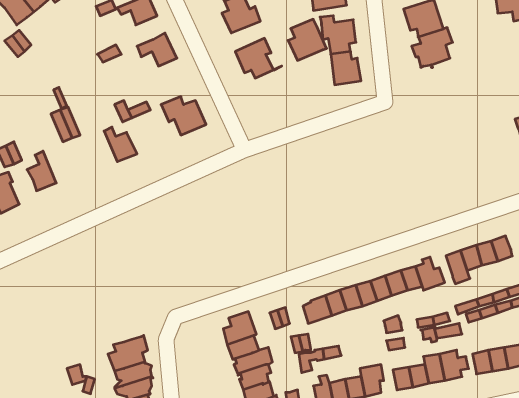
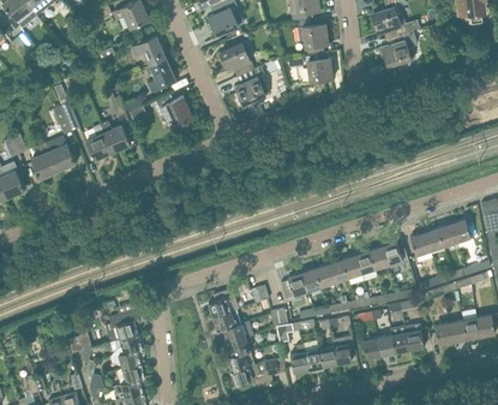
building: [288,19,327,60] -> [235,67,270,105]
building: none -> [146,58,176,91]
building: none -> [86,124,113,160]
building: none -> [46,135,76,171]

